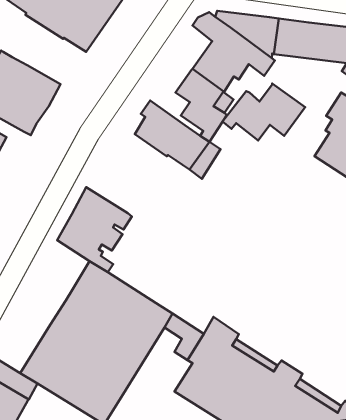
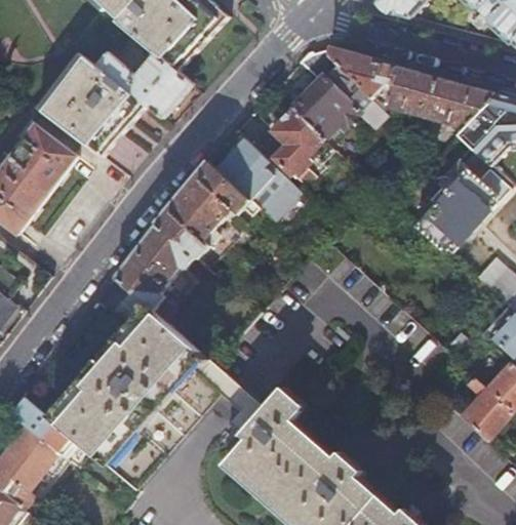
building: none -> [93,50,190,118]
building: [223,83,305,141] -> none
building: none -> [155,161,260,258]

